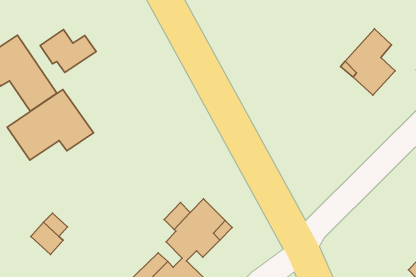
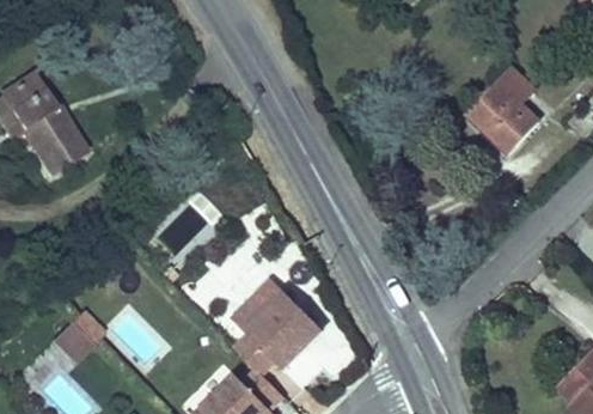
building: [40,30,96,72] -> none
building: [7,89,93,160] -> none

